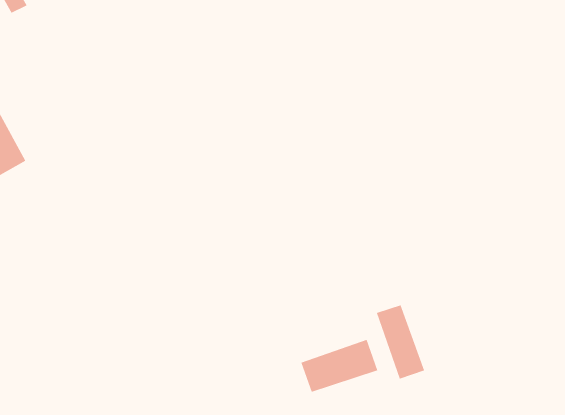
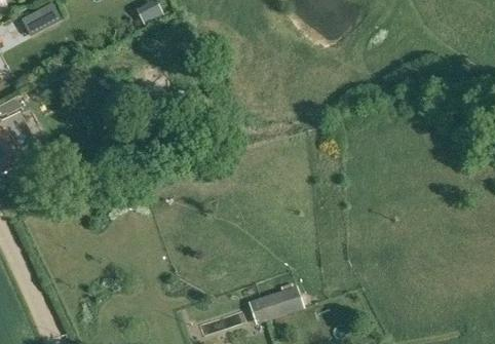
building: [376,305,425,380] -> none

